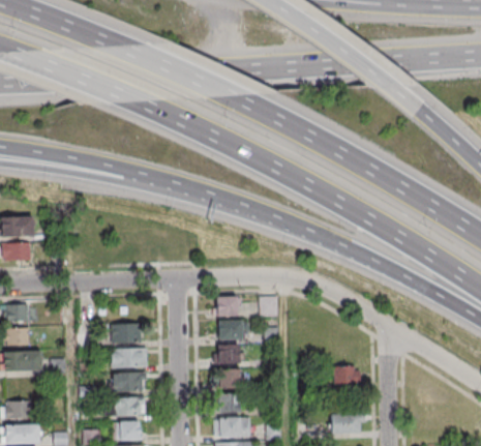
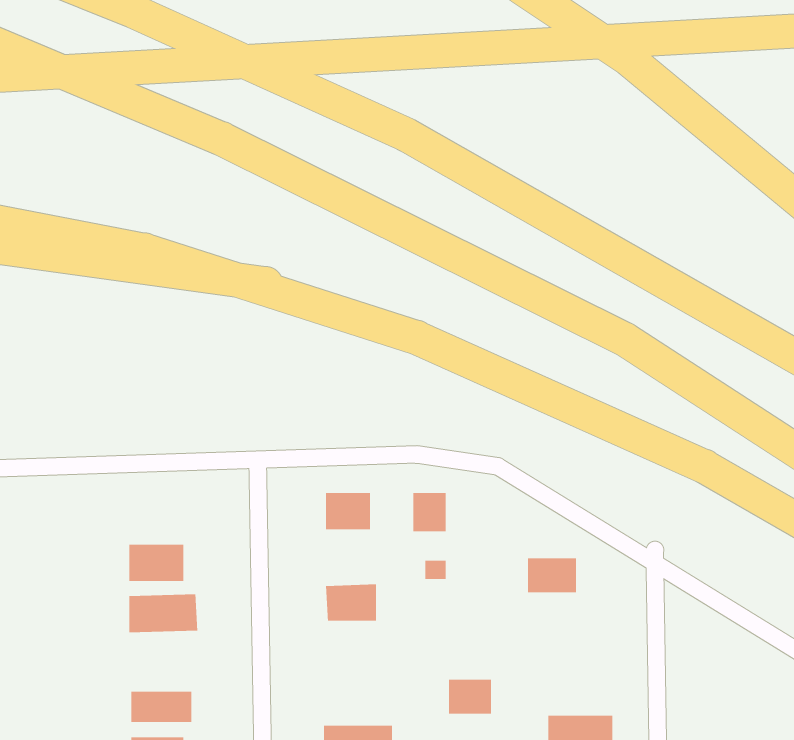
building: [218,320,244,338] -> none
building: [335,365,361,384] -> [527,558,577,593]
building: [218,368,241,388] -> none
building: [114,374,149,394] -> none
building: [218,393,241,412] -> [448,679,492,714]

